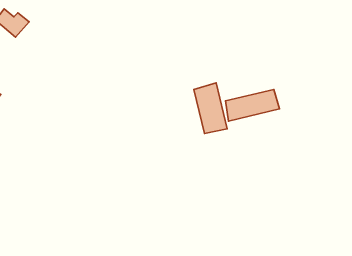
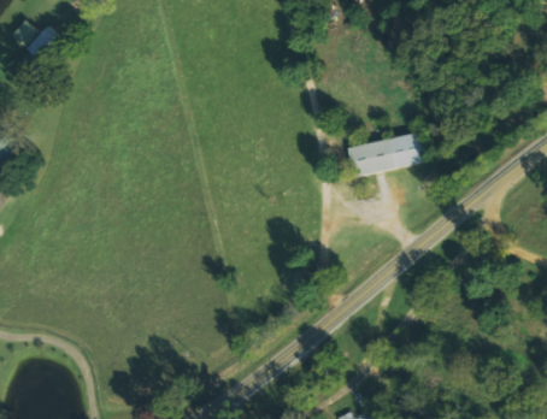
building: [194,83,227,133] -> none

